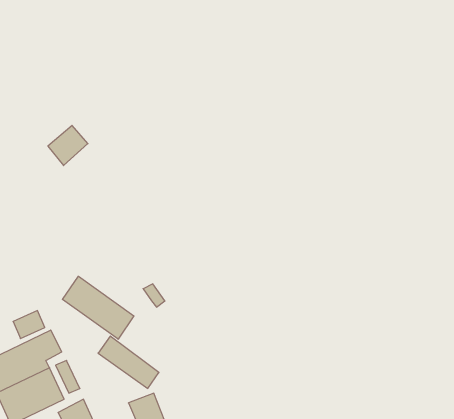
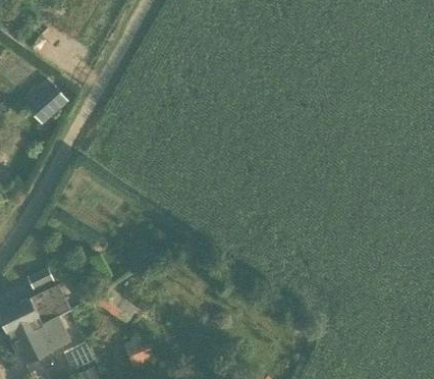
building: [48,125,88,166] -> [33,86,66,119]
building: [62,276,134,339] -> none

